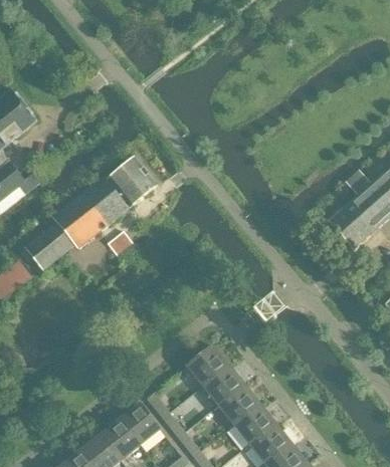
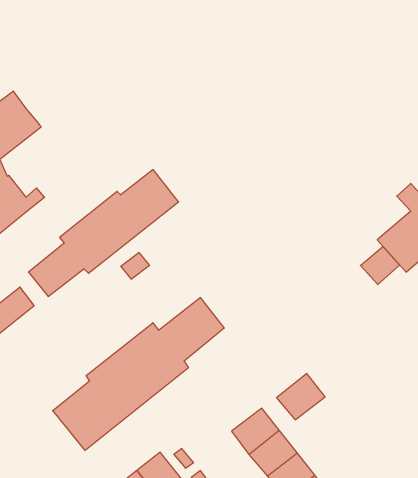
building: none -> [360,246,399,285]
building: none -> [53,297,224,450]
building: [187,345,229,386] -> [277,374,325,420]

